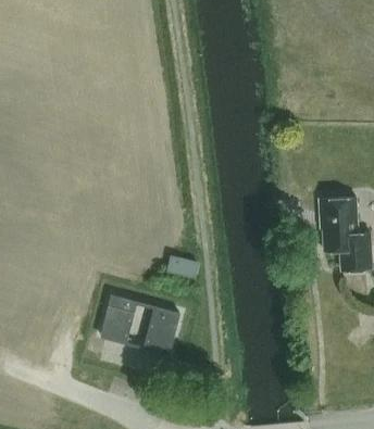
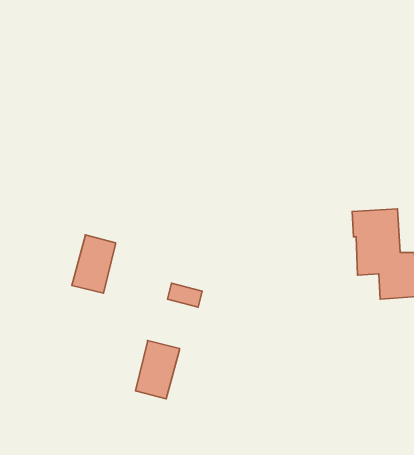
building: [101,295,137,343] -> [72,235,116,293]

